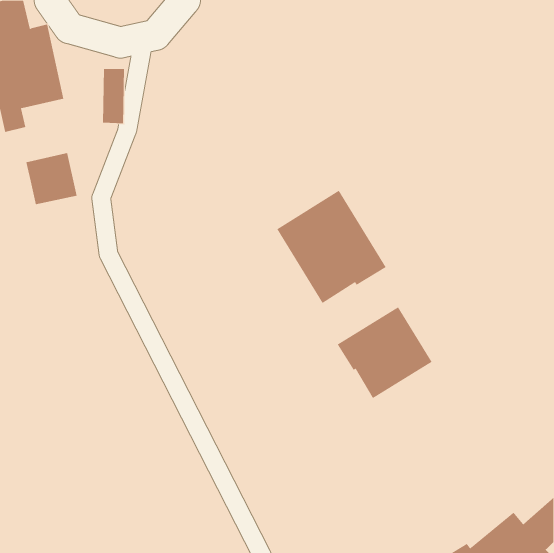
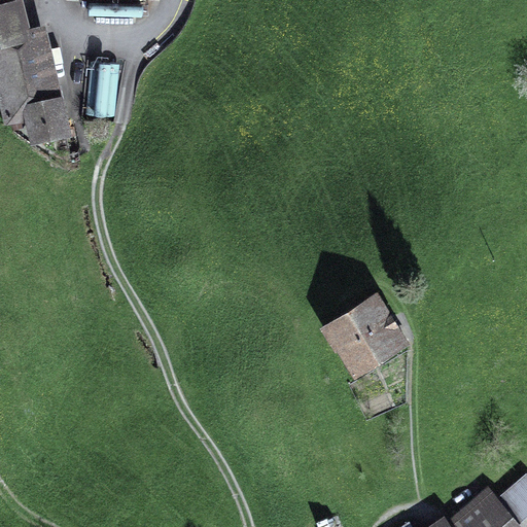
building: [25,153,77,205] -> [21,96,70,145]
building: [276,190,387,304] -> none

